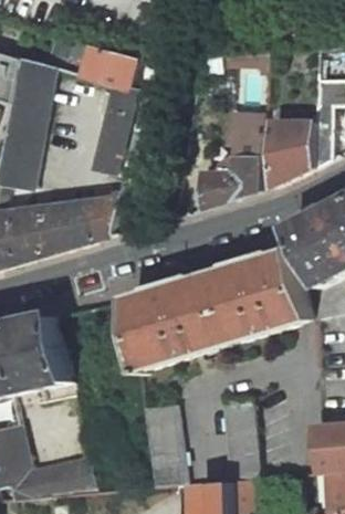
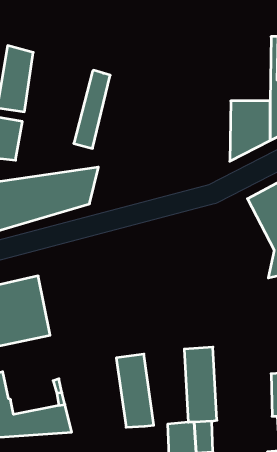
building: [81,43,136,88] -> none
building: [203,113,263,207] -> none
building: [129,249,312,370] -> none

